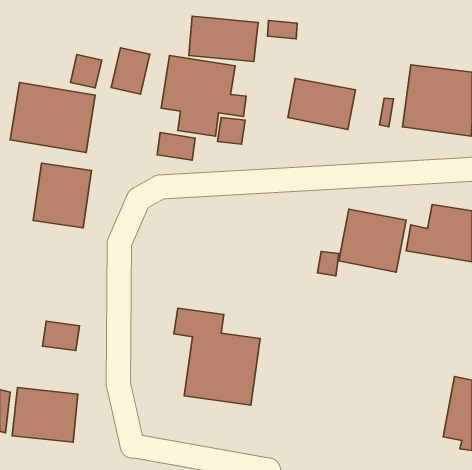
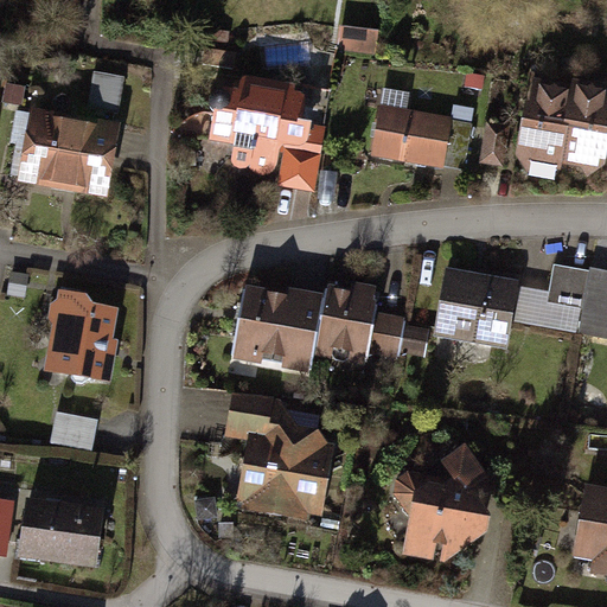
building: [189,16,258,62] -> none
building: [111,48,150,94] -> none
building: [157,133,195,160] -> none
building: [33,163,91,228] -> [46,296,121,379]
building: none -> [231,280,409,372]
building: none -> [403,446,497,567]

